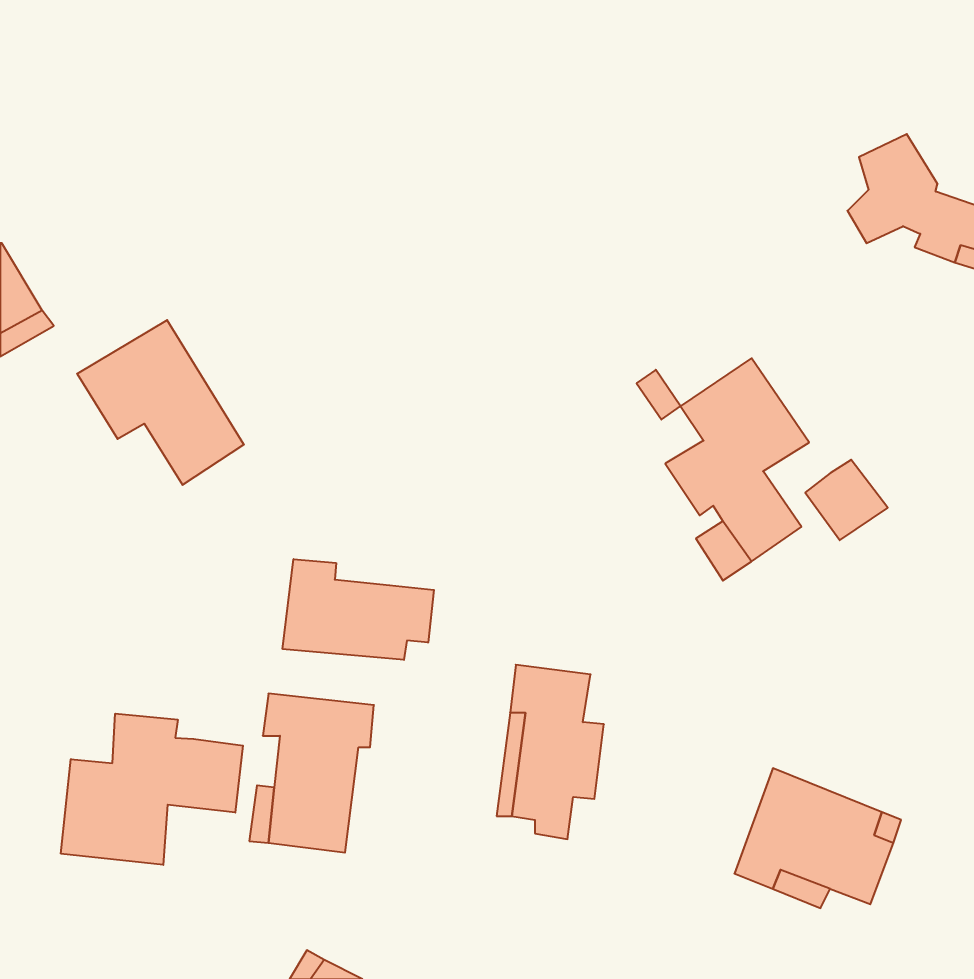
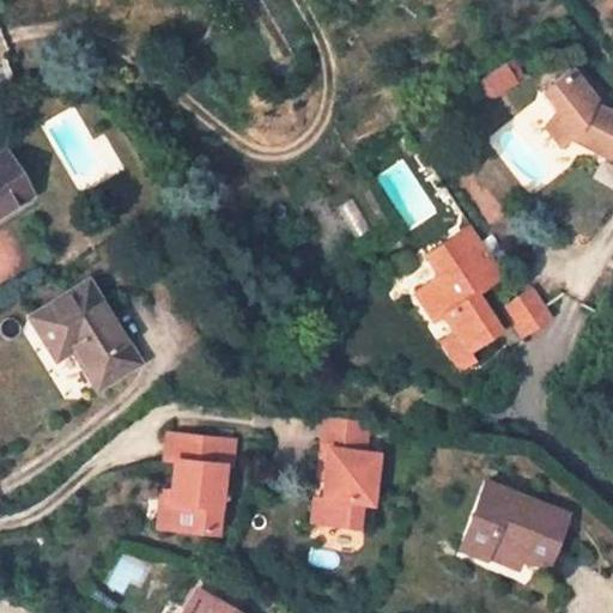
building: [77,320,244,485] -> [34,283,138,386]
building: [283,559,434,660] -> none
building: [61,714,243,865] -> none

